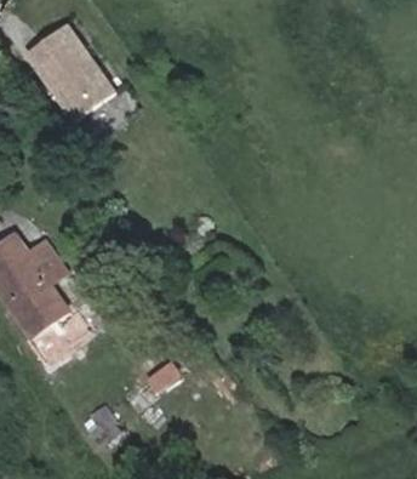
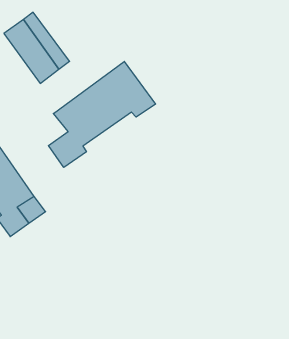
building: none -> [48,61,156,167]

